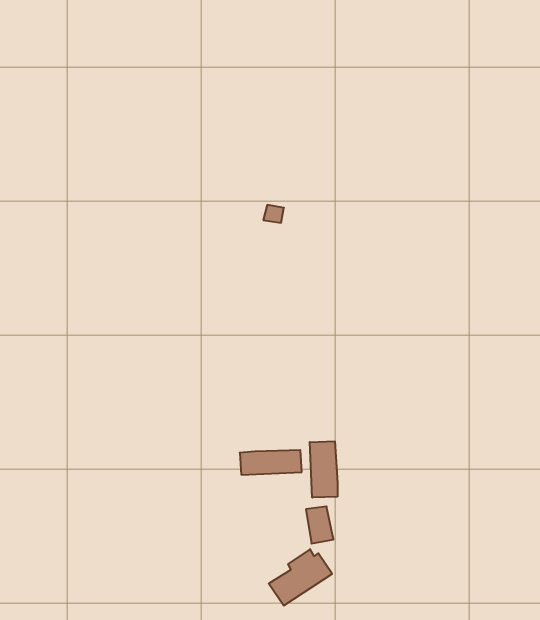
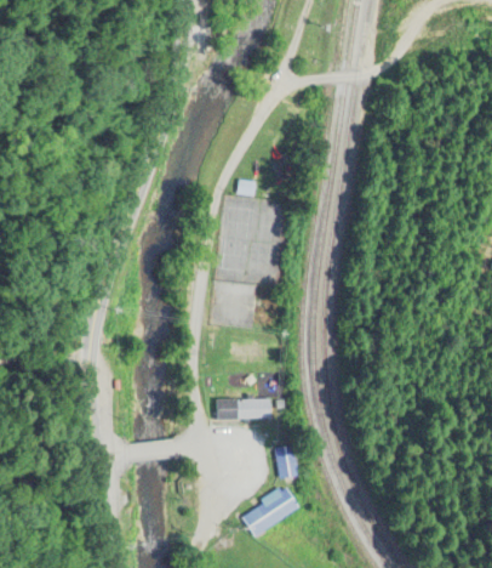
building: [310,441,338,498] -> none

